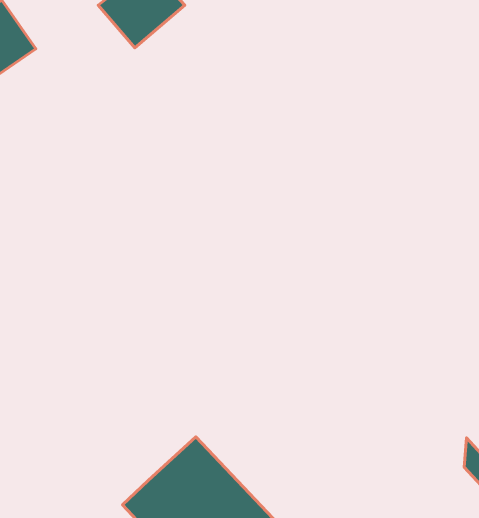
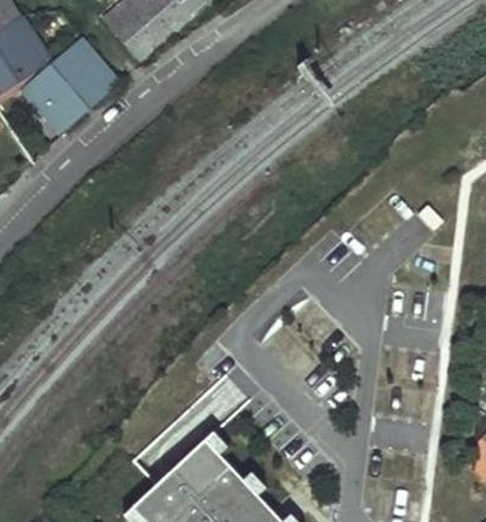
building: none -> [34,51,111,125]

